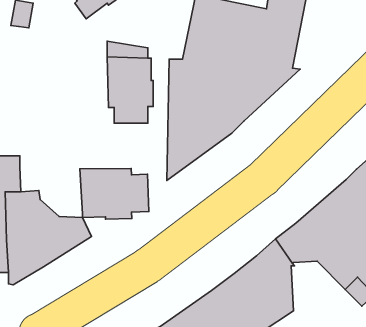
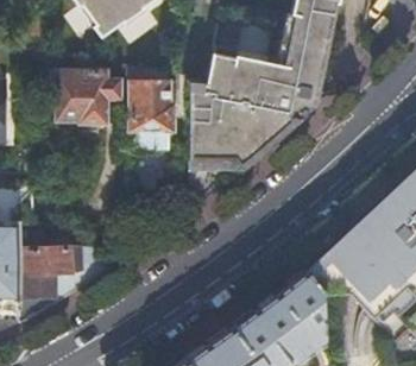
building: none -> [53,67,120,124]
building: [80,168,149,219] -> none

